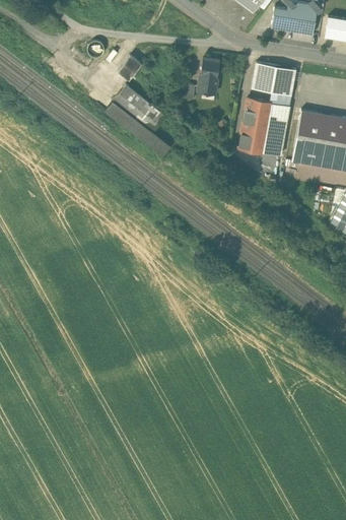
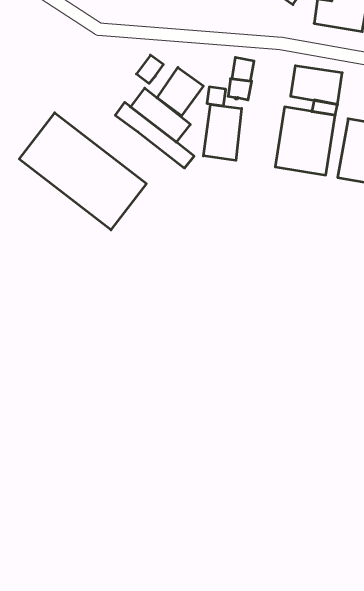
building: none -> [157,67,203,116]
building: none -> [203,104,242,160]
building: none -> [19,113,146,230]

